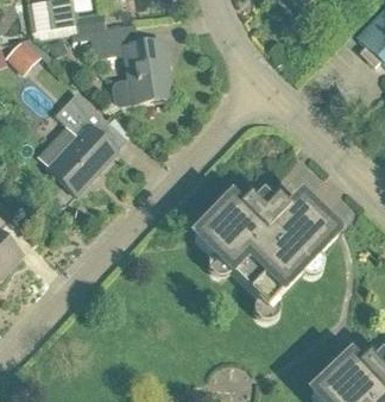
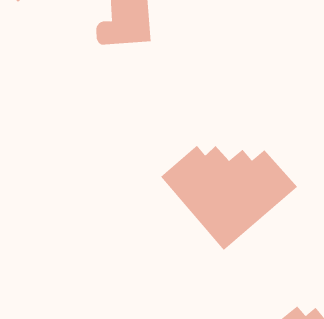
building: [48,92,125,195] -> none

